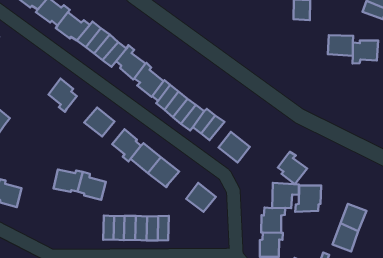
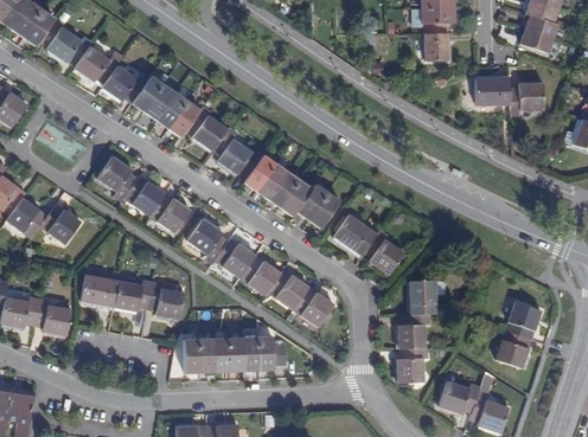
building: none -> [123,175,165,214]
building: none -> [39,201,81,242]
building: [278,152,307,184] -> [364,231,404,275]
building: none -> [78,274,116,307]
building: none -> [268,270,309,310]
building: [295,185,321,212] -> none

